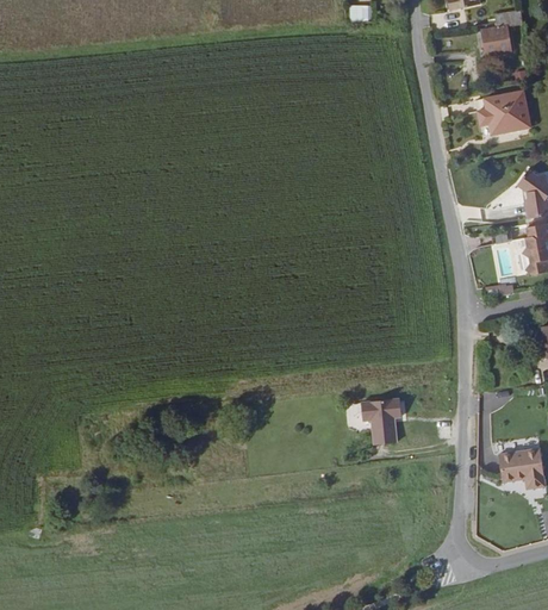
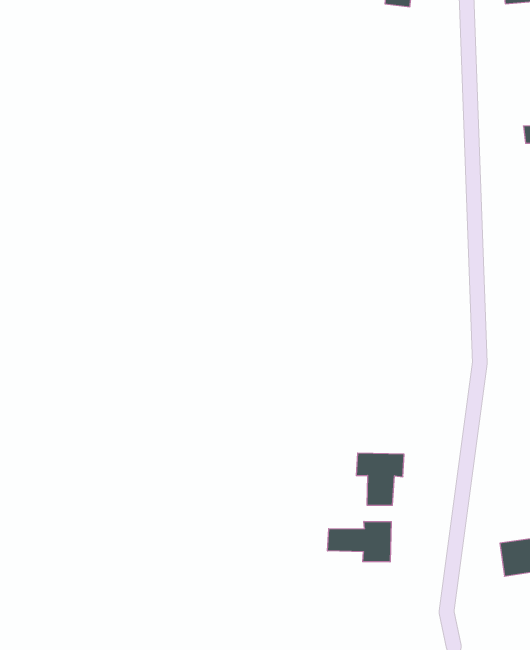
building: none -> [328,521,391,562]

